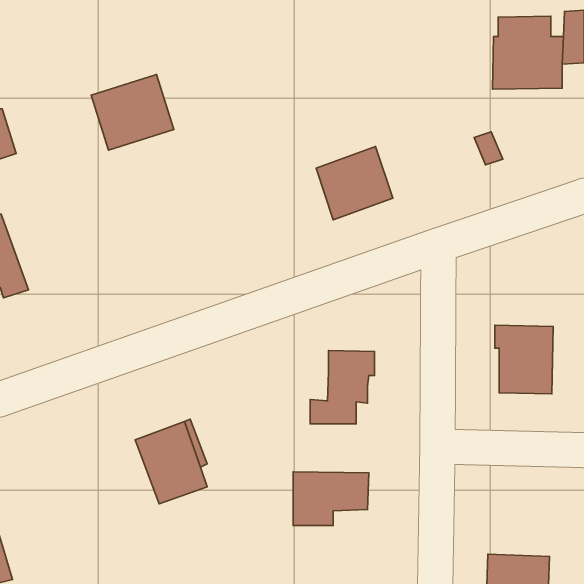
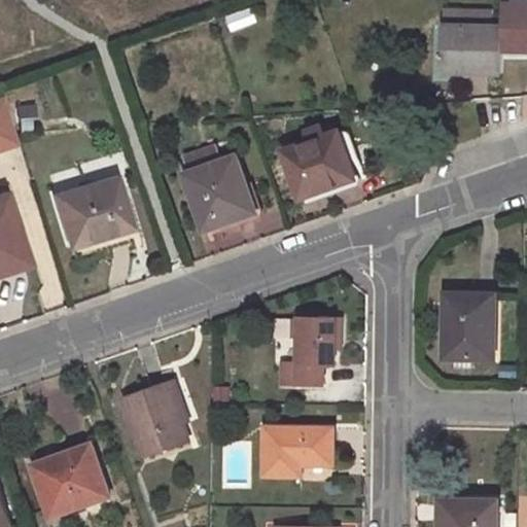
building: [91,74,174,150] -> [48,179,122,247]
building: none -> [181,153,250,229]
building: none -> [30,443,108,516]

